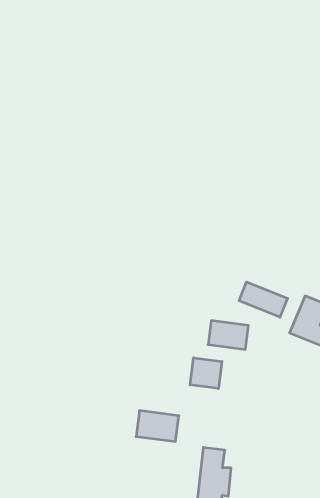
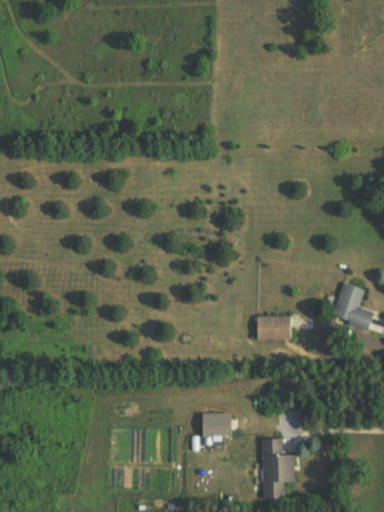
building: [239,282,288,317] -> none
building: [190,358,222,389] -> none

